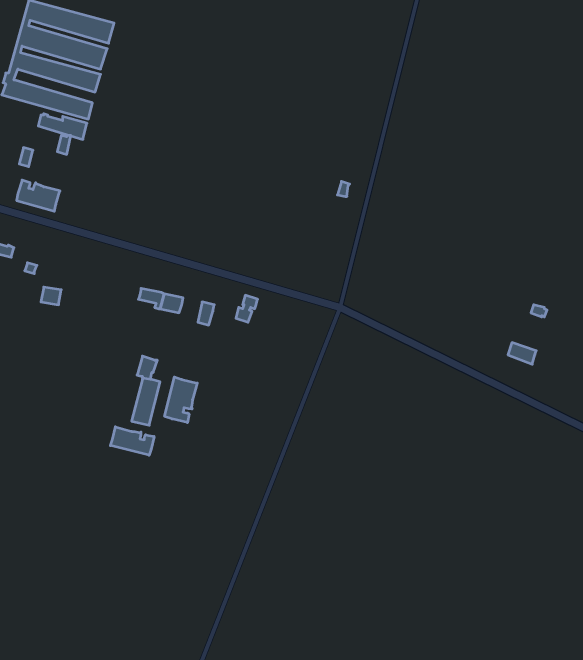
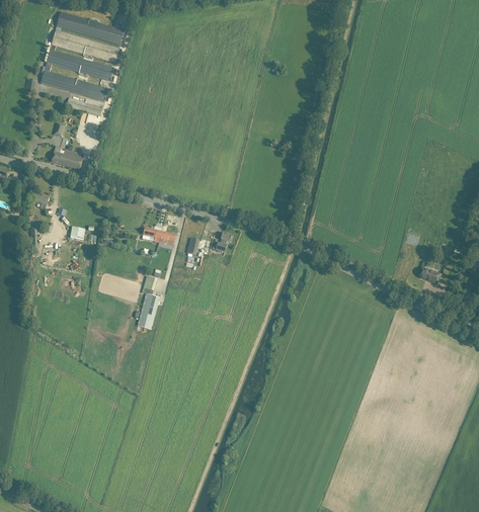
building: [165,377,197,423] -> none
building: [110,427,154,455] -> none

